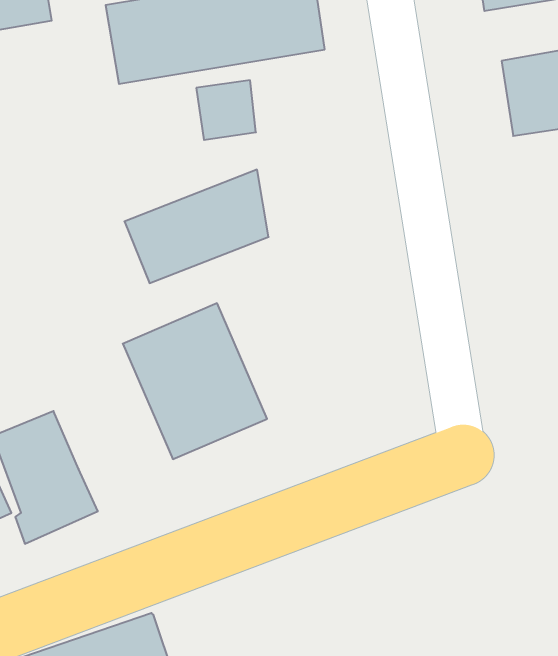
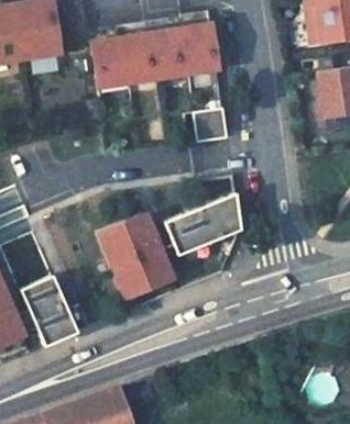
building: [196,80,256,140] -> [190,107,225,141]
building: [124,170,269,283] -> [166,191,249,256]

